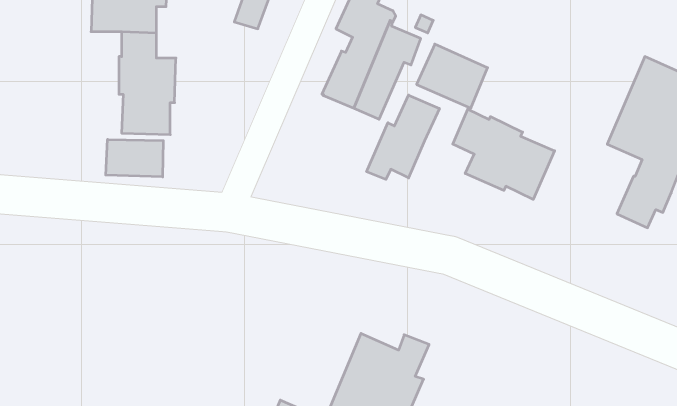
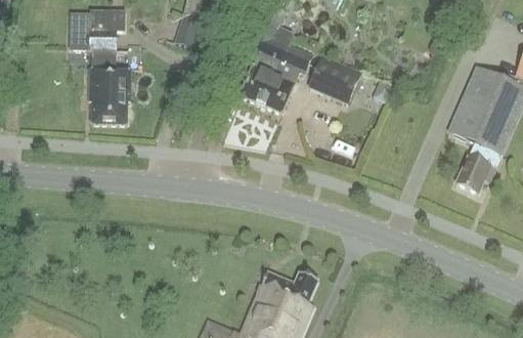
building: [367,95,439,179] -> none
building: [453,109,555,199] -> none
building: [106,139,163,177] -> none

